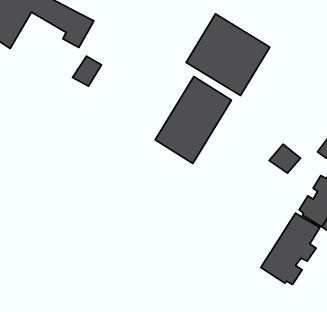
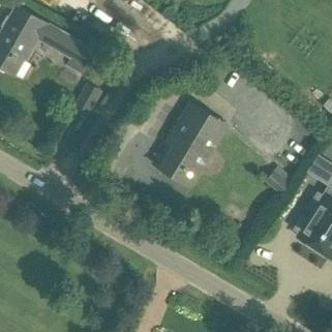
building: [186,14,270,96] -> none
building: [261,213,320,285] -> none

